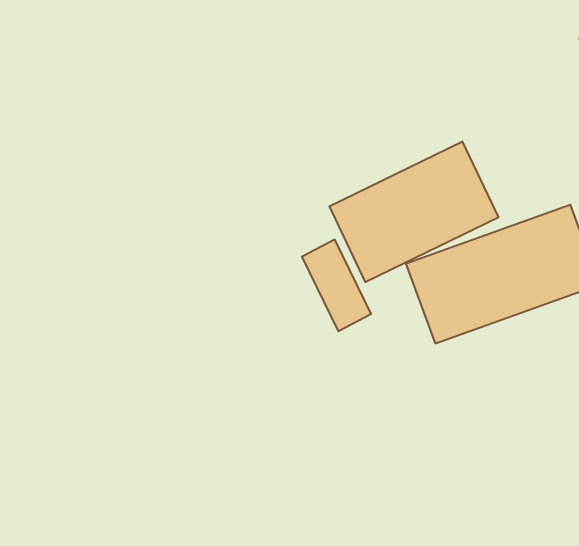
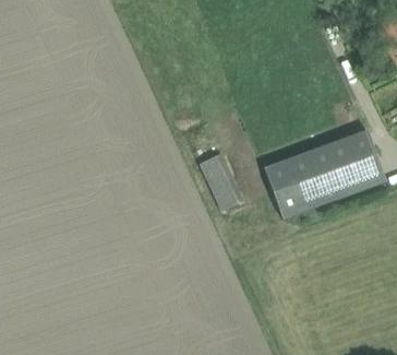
building: [329,141,498,282] -> none

